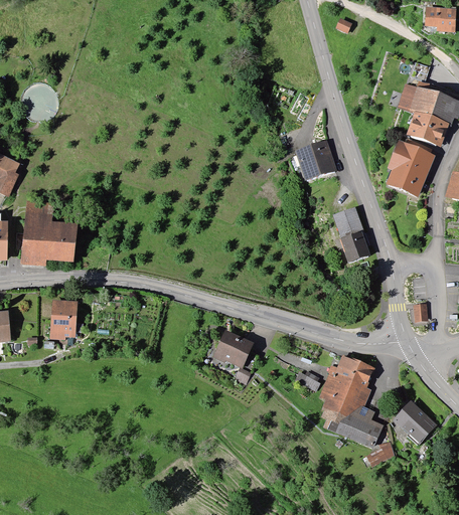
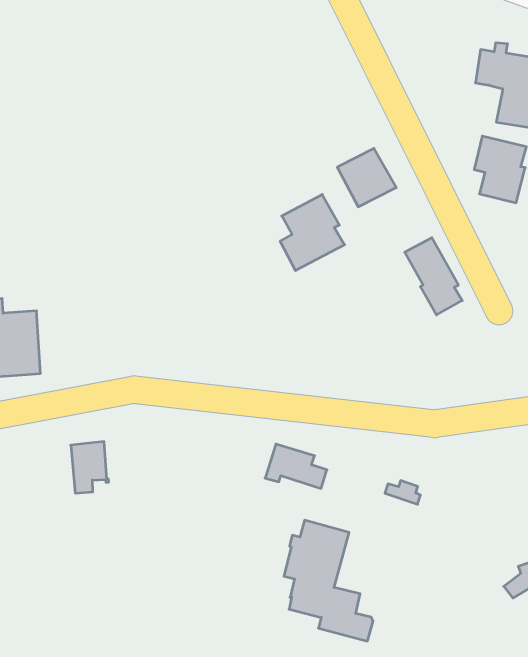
building: none -> [280,194,345,271]
building: [51,304,76,338] -> [71,442,109,493]
building: [322,356,378,446] -> [284,520,373,641]

